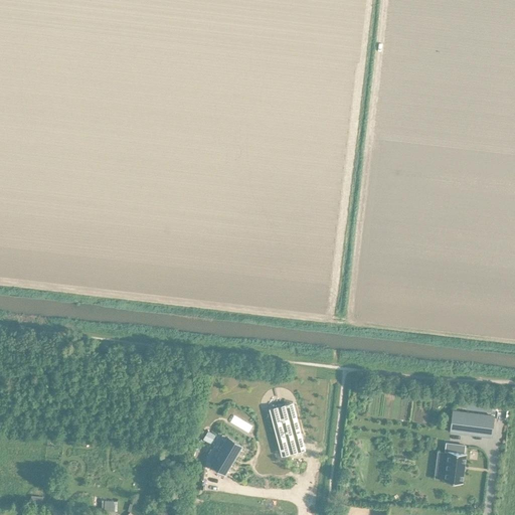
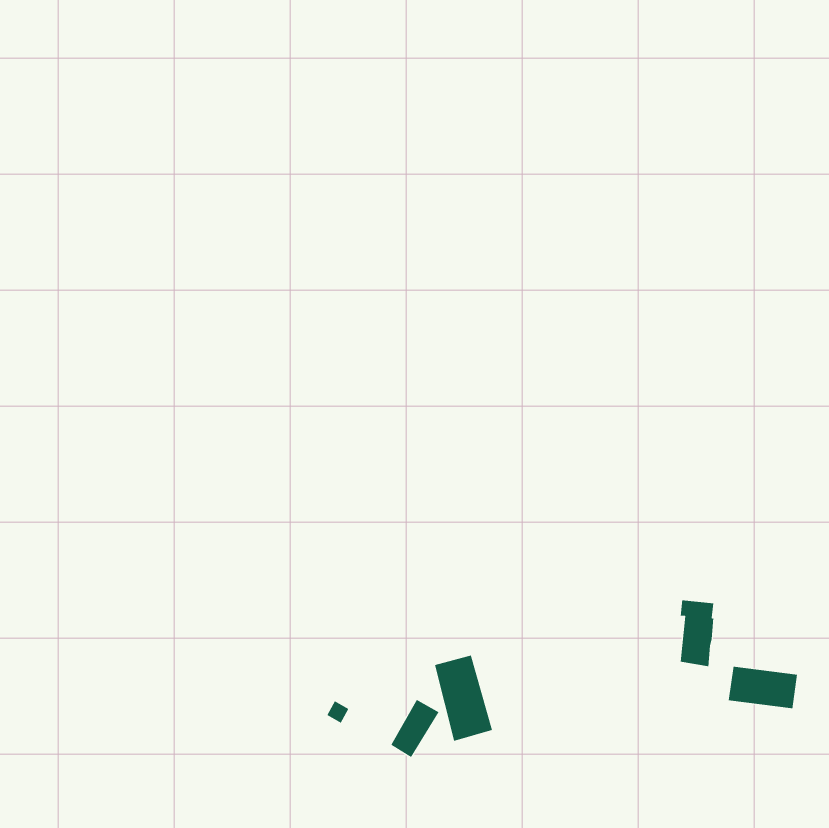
building: [209,438,239,474] -> [390,699,439,758]
building: [443,443,464,484] -> [680,600,714,667]

